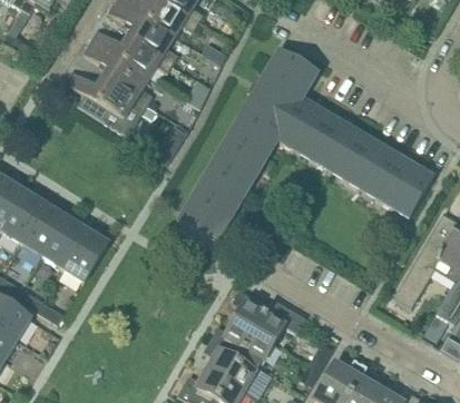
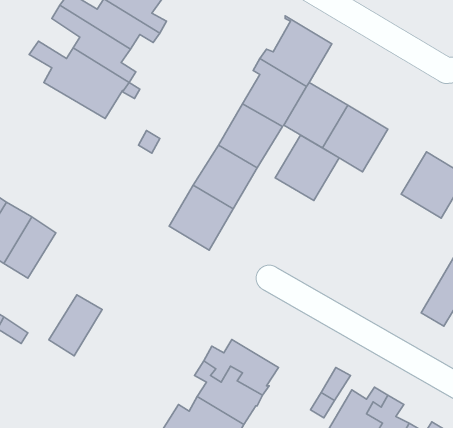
building: [343,142,397,197] -> [275,135,339,200]
building: [63,229,108,281] -> [49,295,102,356]
building: [232,287,305,342] -> none

